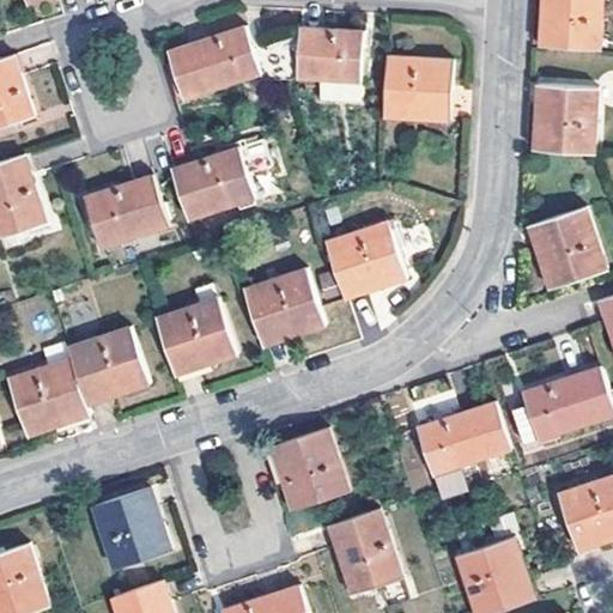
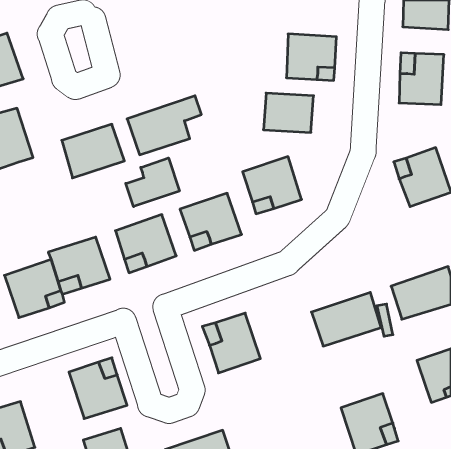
building: [165,26,259,98] -> none
building: [295,28,362,80] -> [263,93,314,132]
building: none -> [126,158,179,207]
building: [329,510,402,594] -> none

